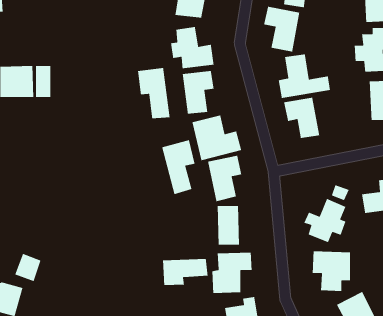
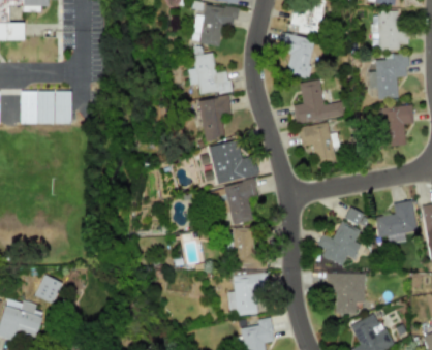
building: [137,67,170,119] -> none
building: [161,139,195,195] -> none
building: [162,258,209,286] -> none

